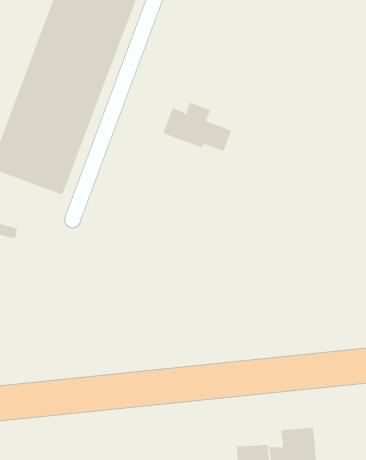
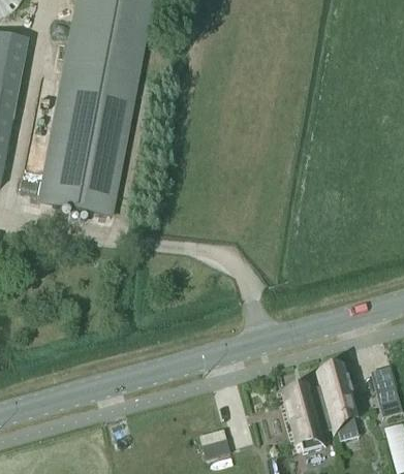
building: [162,102,232,152] -> none

